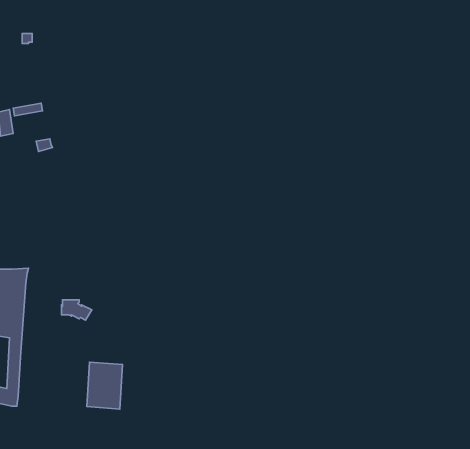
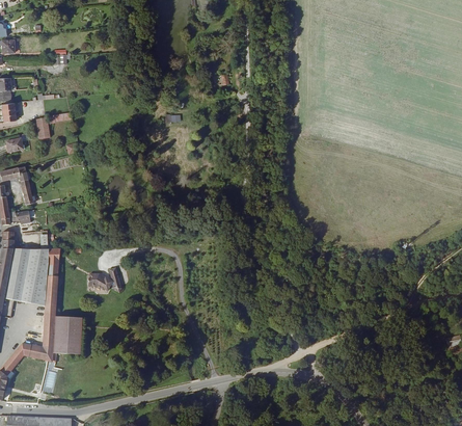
building: [87,362,122,409] -> [52,316,81,354]

